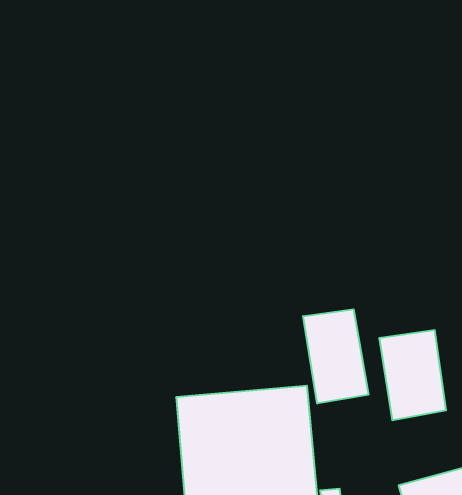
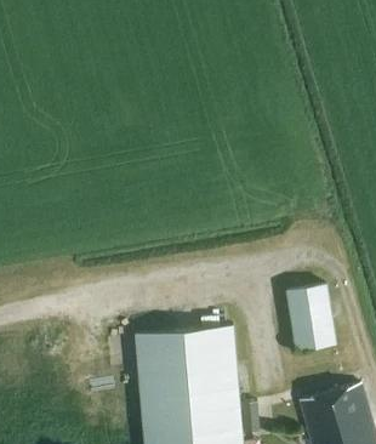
building: [303,309,368,404] -> none

